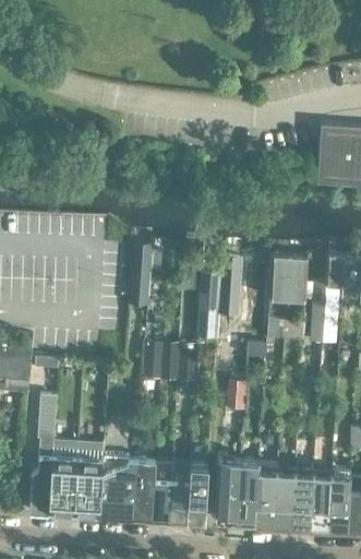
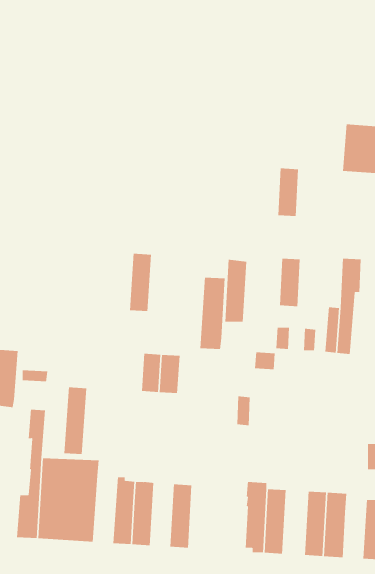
building: [287,255,306,300] -> [277,168,299,217]
building: [177,344,196,380] -> none
building: [99,454,121,516] -> [63,387,87,455]
building: [214,459,240,521] -> none
building: [152,461,172,520] -> none
building: [186,463,207,522] -> none
building: [273,467,296,527] -> none
building: [328,468,349,531] -> none

